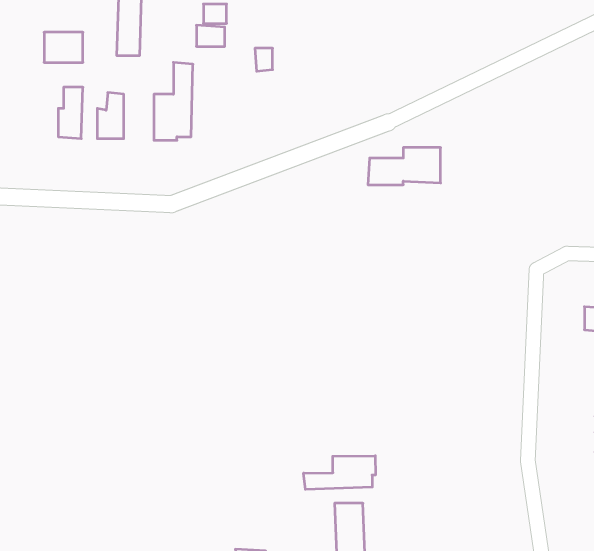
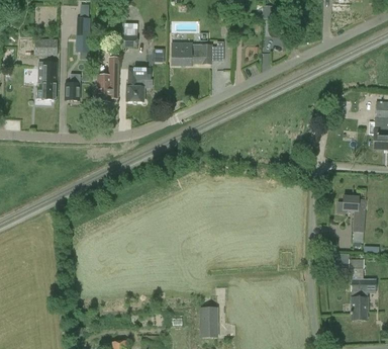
building: none -> [126,67,153,101]
building: [368,148,441,185] -> [171,43,212,65]
building: [304,456,375,489] -> none

